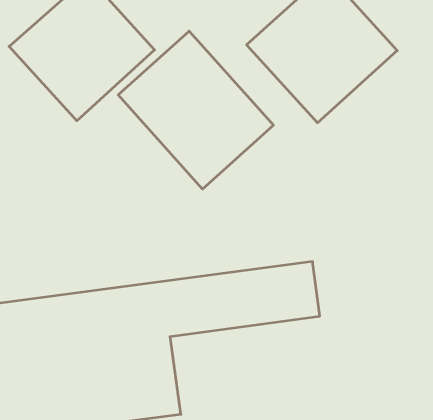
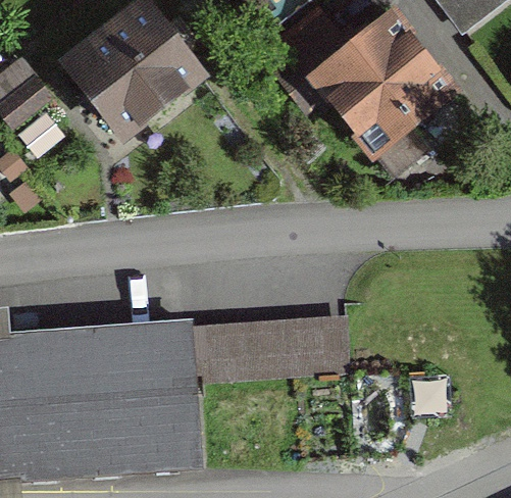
building: [118,31,273,189] -> none

